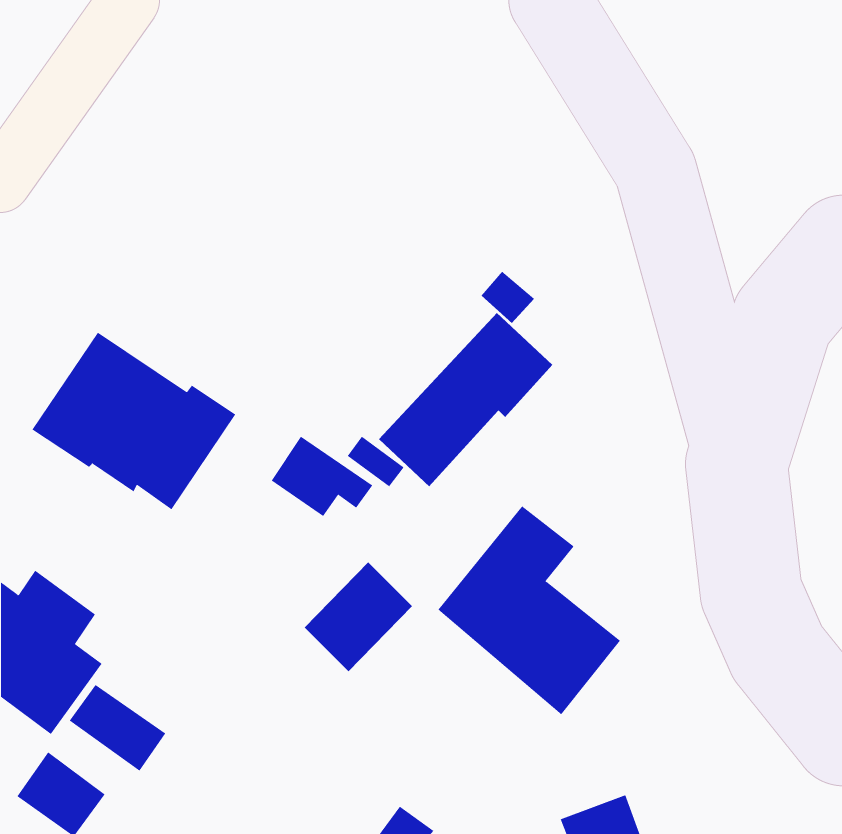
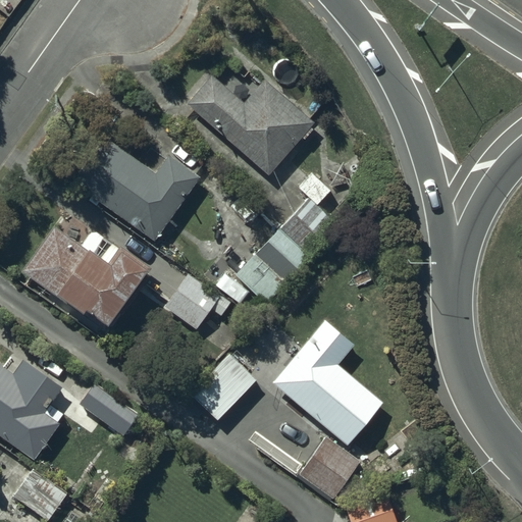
building: none -> [185,73,313,176]
building: none -> [71,136,199,242]
building: [69,684,166,772] -> [76,385,137,439]
building: none -> [298,437,361,501]

